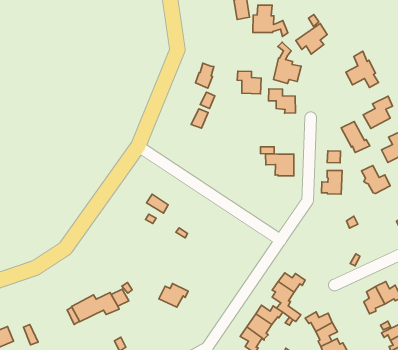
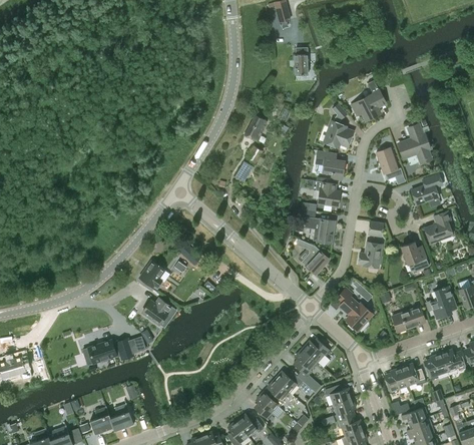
building: [253,5,288,37] -> none
building: [237,71,261,94] -> [315,180,340,206]
building: [341,121,370,153] -> [376,147,403,179]
building: none -> [297,239,329,274]
building: none -> [139,261,164,287]
building: none -> [337,288,373,331]
building: none -> [392,307,425,332]
building: [159,283,188,307] -> [142,299,173,324]

